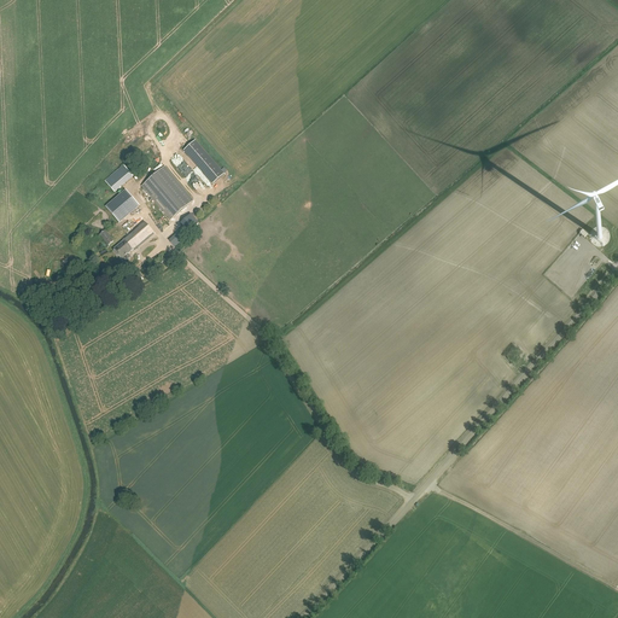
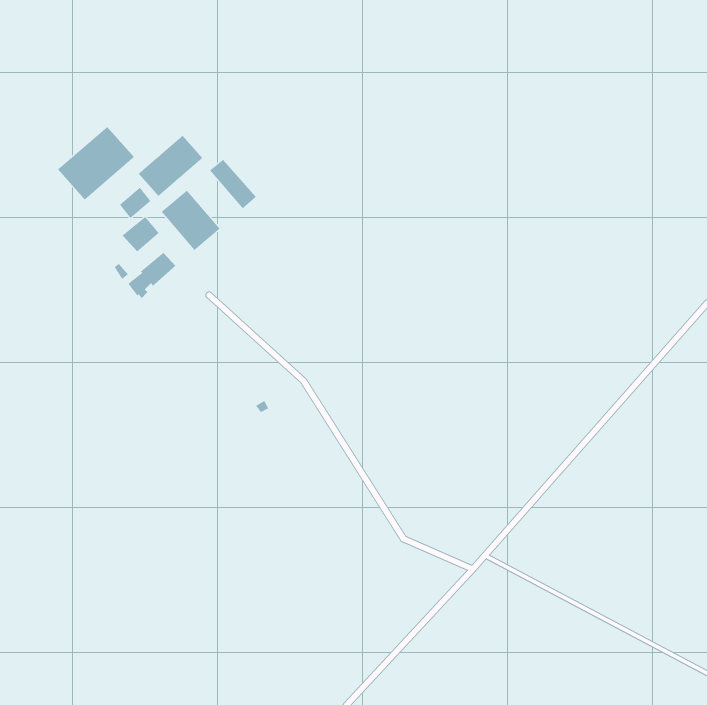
building: none -> [57,126,135,200]
building: none -> [138,135,203,197]

